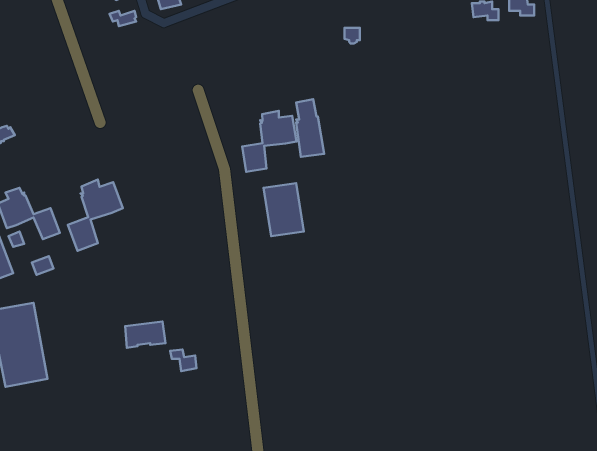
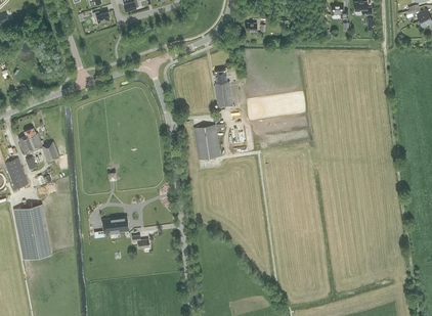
building: [242,111,296,172] -> none
building: [68,180,123,251] -> none

